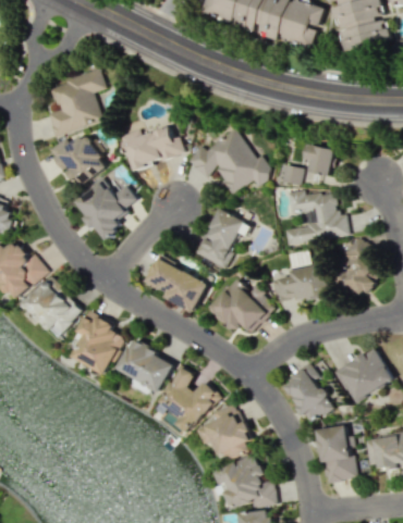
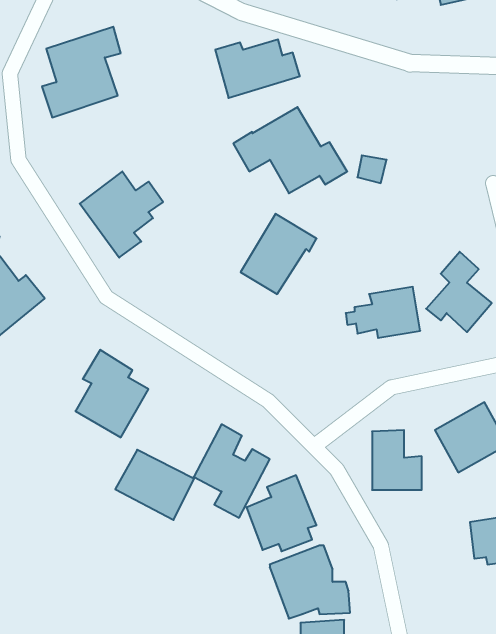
building: [121,126,184,170] -> [215,39,300,98]
building: [49,129,108,186] -> none
building: [304,142,335,175] -> none
building: [284,189,349,244] -> none
building: [145,257,209,311] -> none
building: [22,274,84,337] -> none
building: [209,281,276,333] -> none
building: [117,339,175,391] -> [115,450,194,520]
building: [316,424,358,482] -> none

